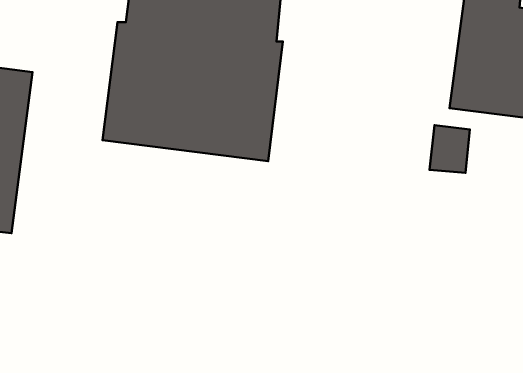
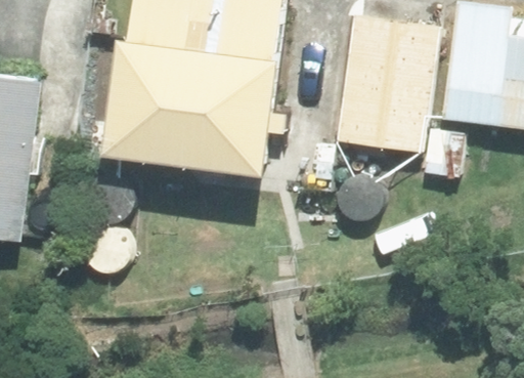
building: none -> [336,17,439,151]

